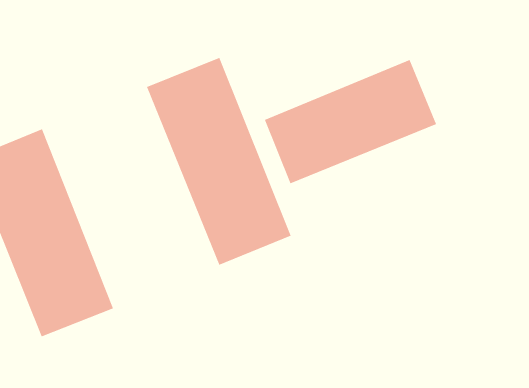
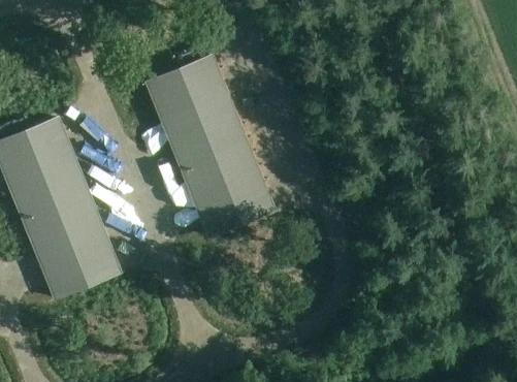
building: [264,59,437,184] -> none

